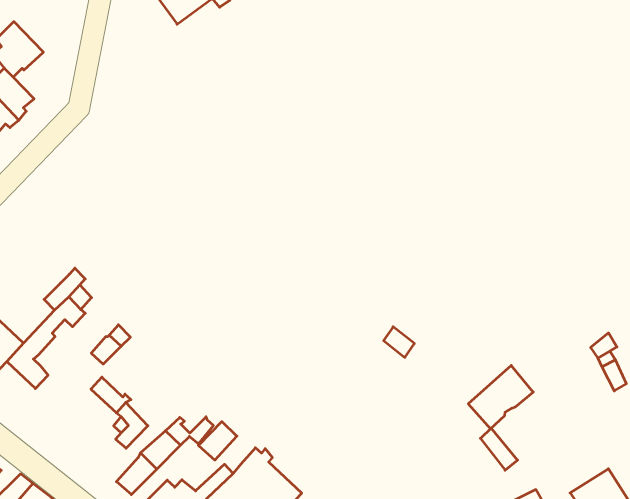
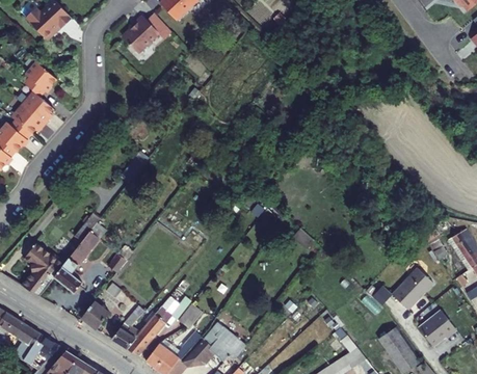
building: [468,365,533,429] -> [392,267,432,309]
building: none -> [78,303,106,331]
building: none -> [112,321,141,348]

